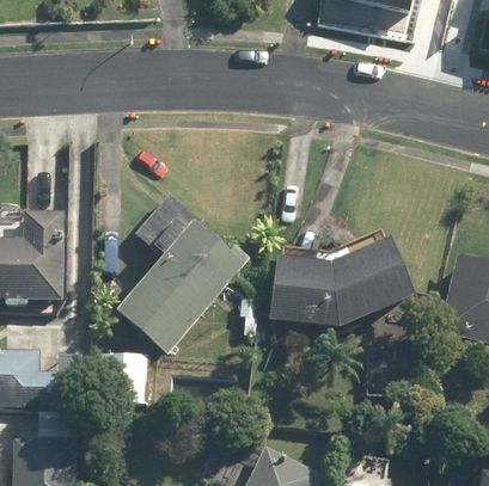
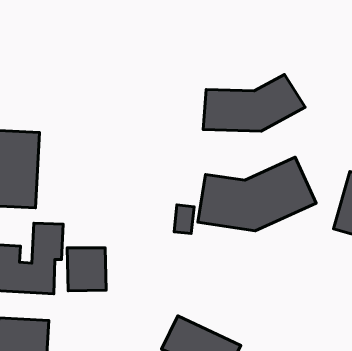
building: none -> [203,75,305,131]
building: [110,196,244,357] -> none

